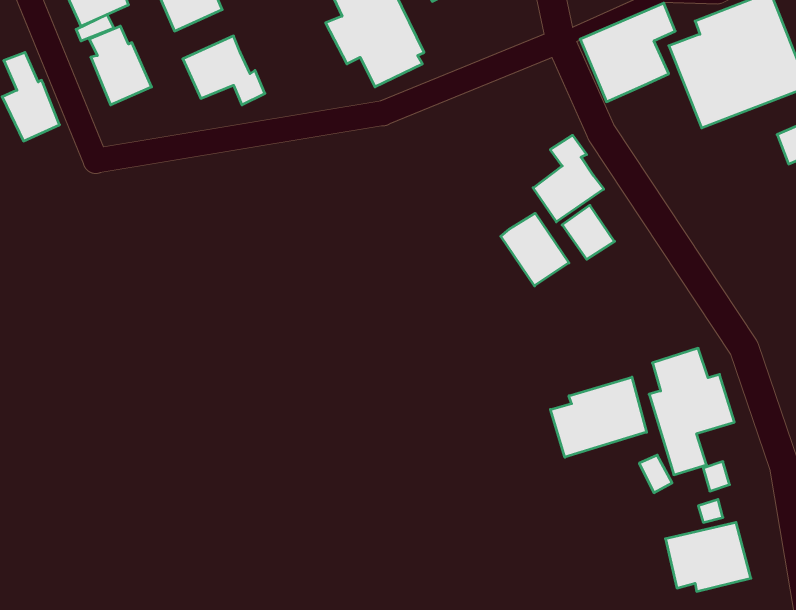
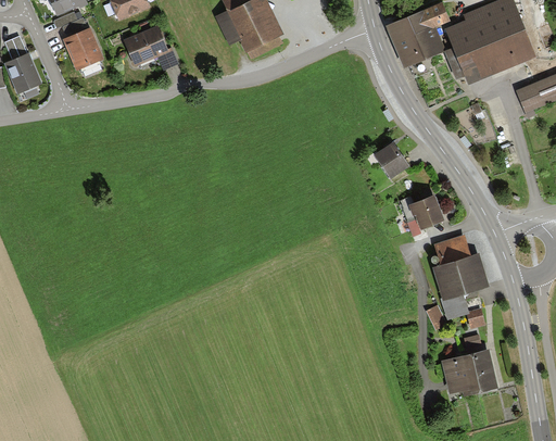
building: [533,135,604,222] -> none
building: [501,213,569,286] -> none
building: none -> [408,190,442,223]
building: [550,377,647,457] -> none

